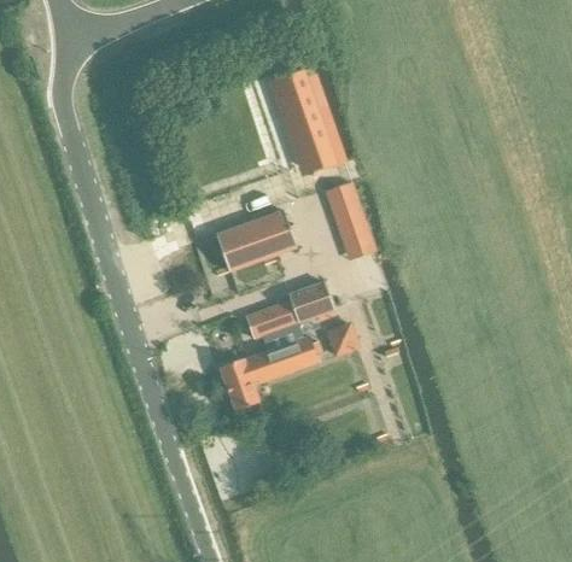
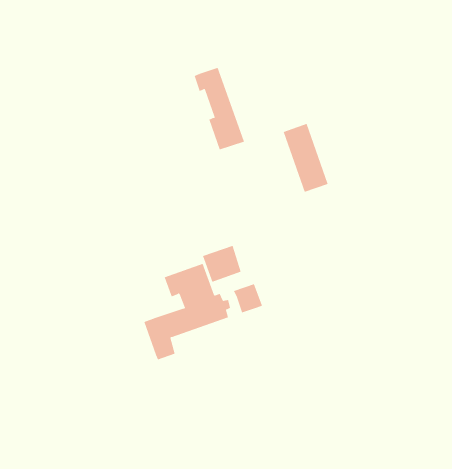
building: [325,181,377,259] -> [283,123,329,193]
building: [216,209,297,270] -> none

